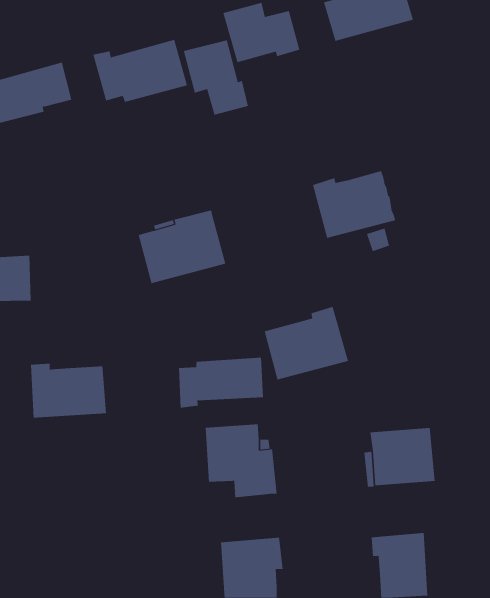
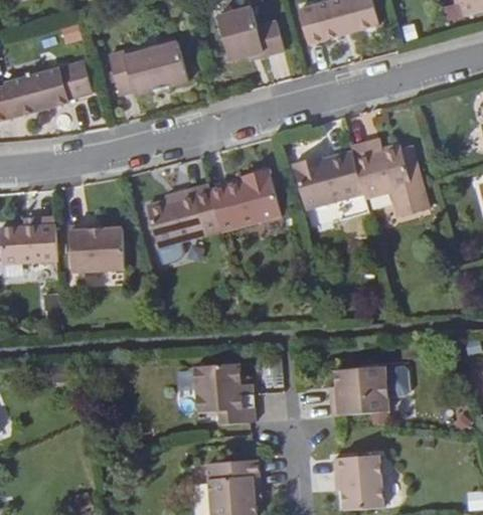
building: [183,40,249,116] -> none
building: none -> [351,144,422,211]
building: [264,306,349,380] -> [207,169,279,231]
building: [178,357,263,408] -> none
building: [30,363,107,418] -> [68,225,133,272]

